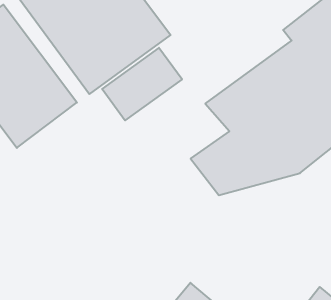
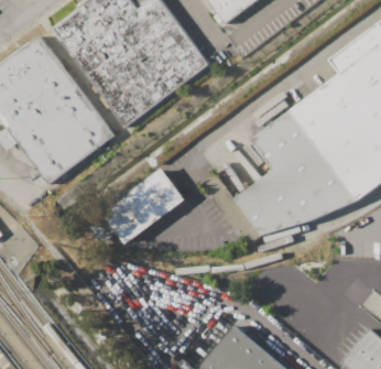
building: [102,48,182,120] -> [101,166,185,242]

